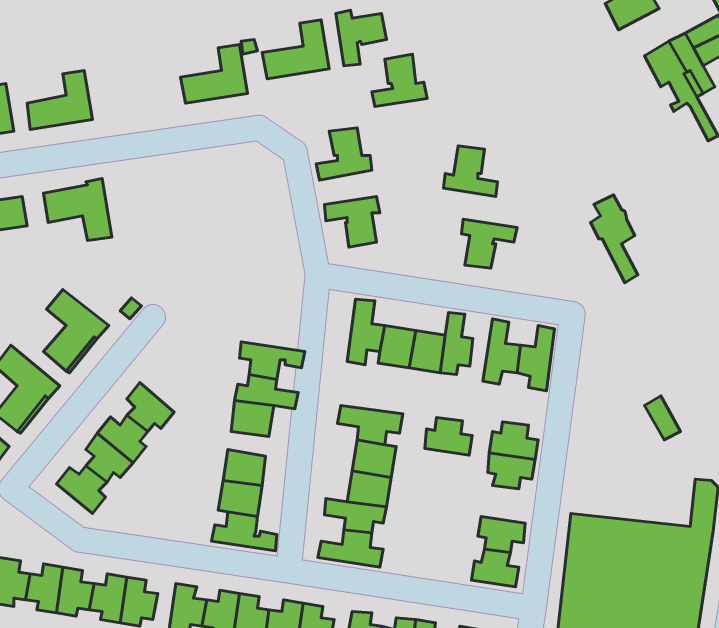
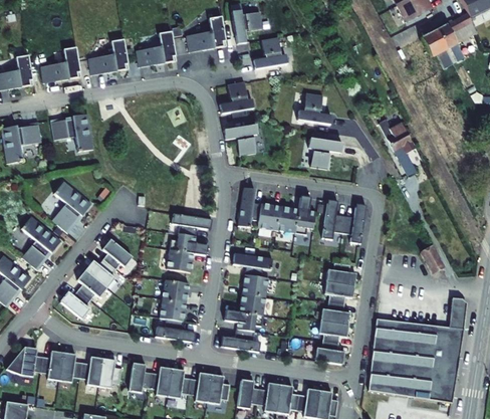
building: none -> [88,38,129,74]
building: [425,417,472,455] -> [320,301,349,325]

